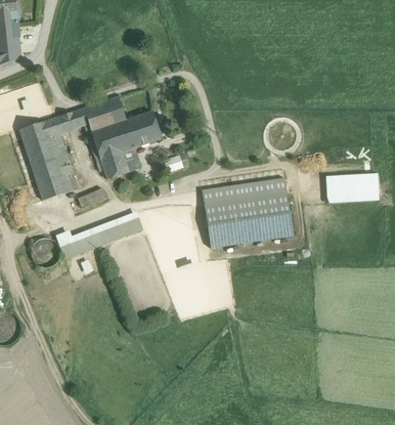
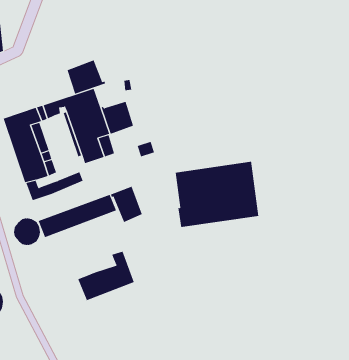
building: none -> [67,60,106,94]
building: [327,173,381,202] -> none
building: none -> [110,186,143,223]
building: none -> [77,251,135,301]

